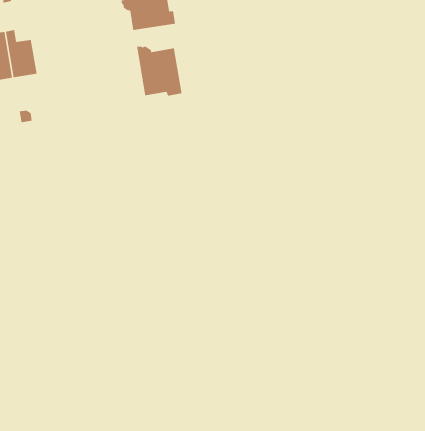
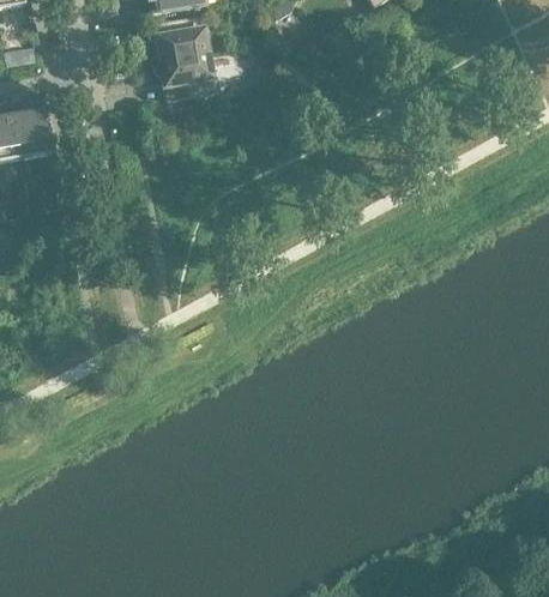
building: [136,45,182,97] -> none

